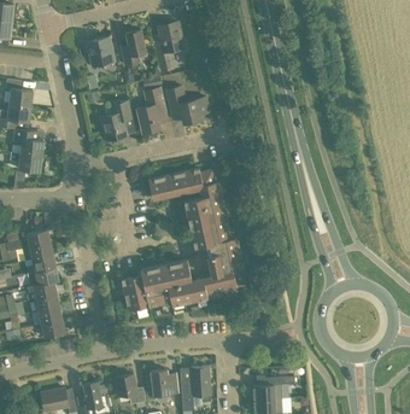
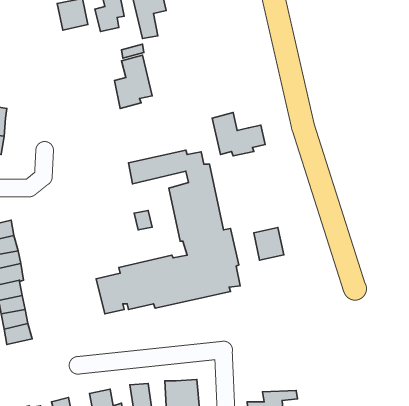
building: [164,84,210,122] -> [212,112,265,156]
building: [100,99,131,139] -> none
building: none -> [254,227,284,260]

